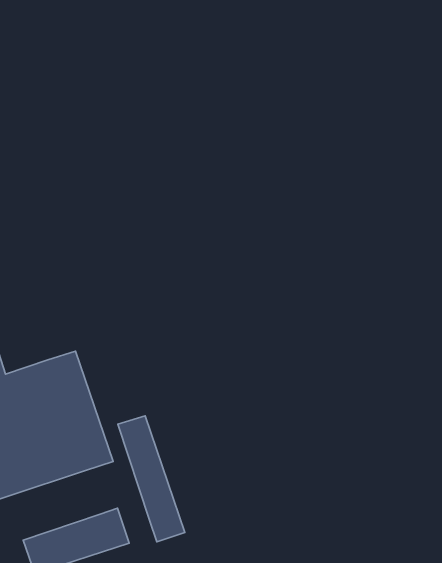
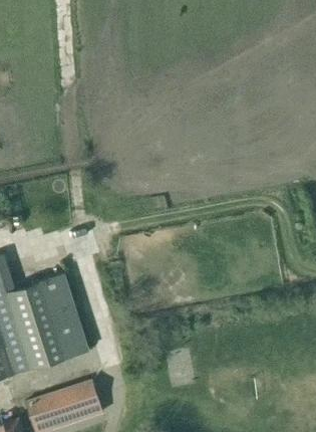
building: [118,416,185,542] -> none

